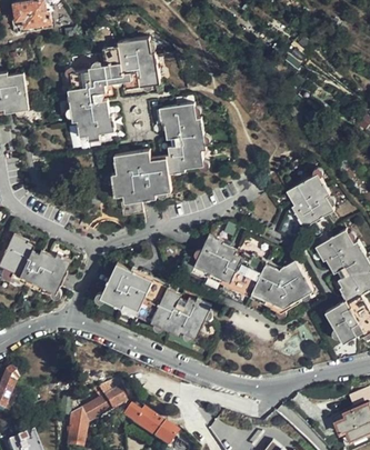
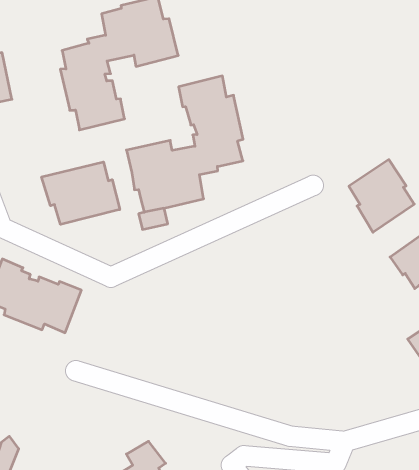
building: none -> [42,162,120,224]
building: [193,233,312,311] -> none
building: [99,263,210,336] -> none

